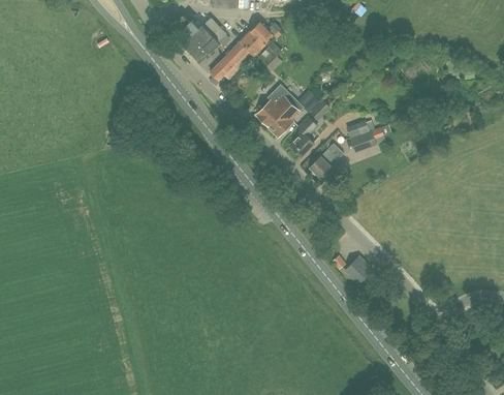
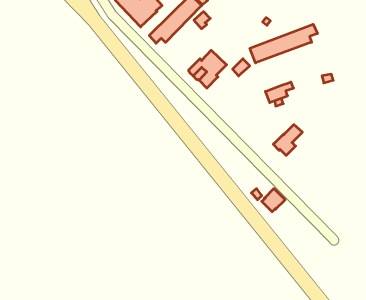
building: none -> [250,24,317,63]
building: [289,116,317,155] -> none
building: [308,143,343,180] -> [273,125,302,155]

